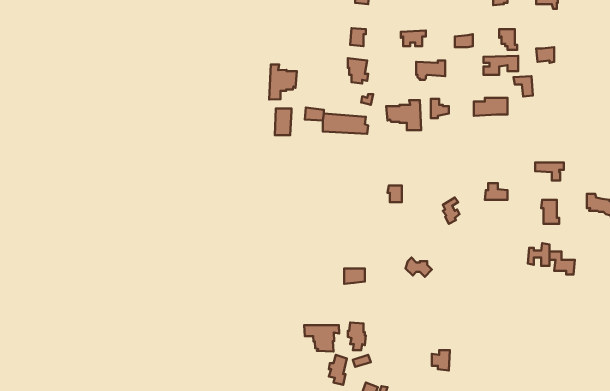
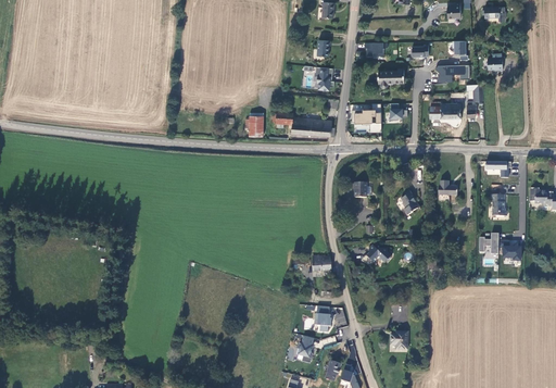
building: [269,64,297,99] -> none
building: [304,325,339,351] -> none

